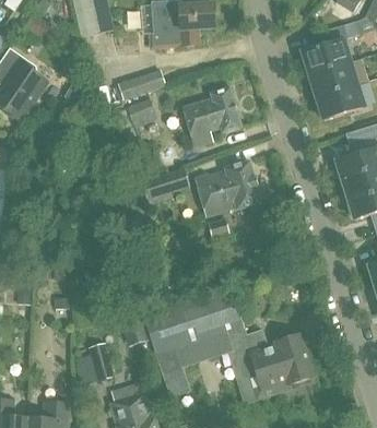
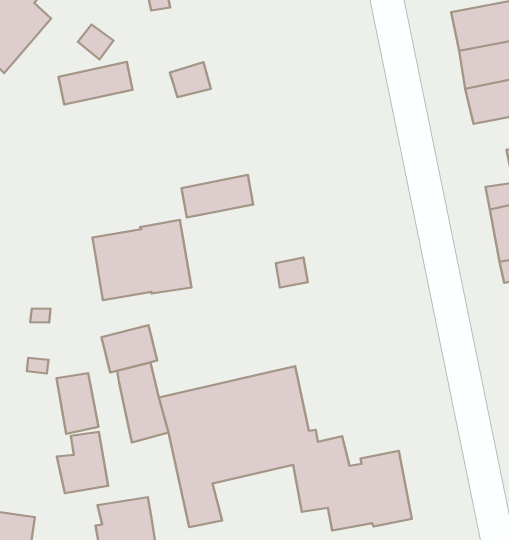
building: [118,68,166,99] -> [59,62,132,105]
building: [182,87,241,146] -> none
building: [195,159,261,216] -> [93,220,191,300]
building: none -> [102,325,157,373]
building: none -> [56,373,99,434]

